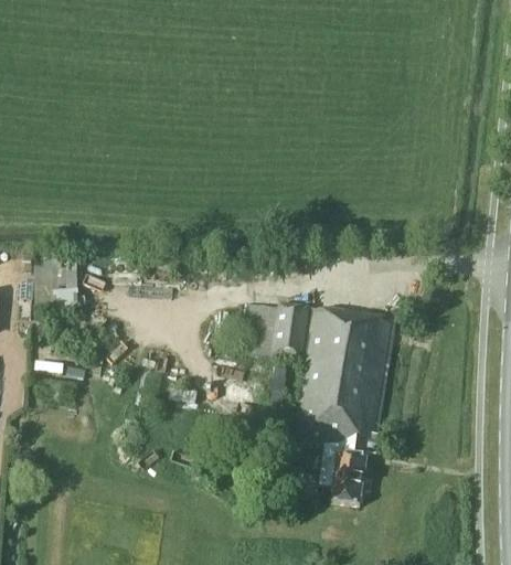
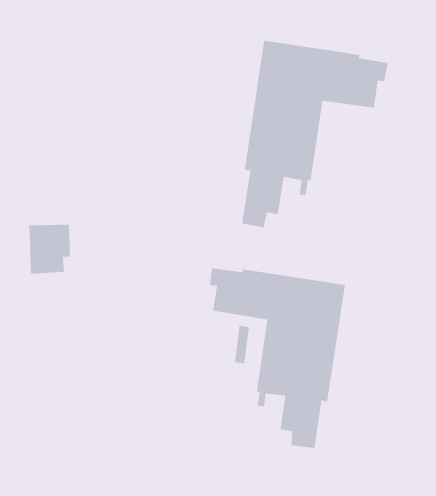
building: none -> [241,40,388,228]

